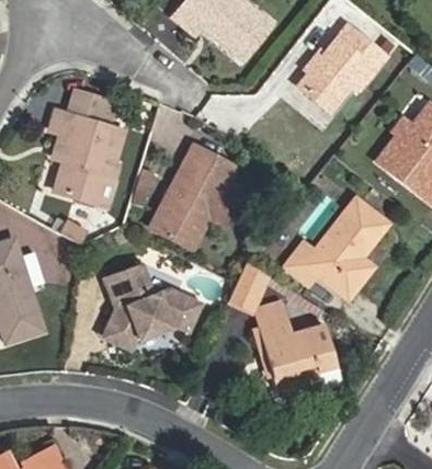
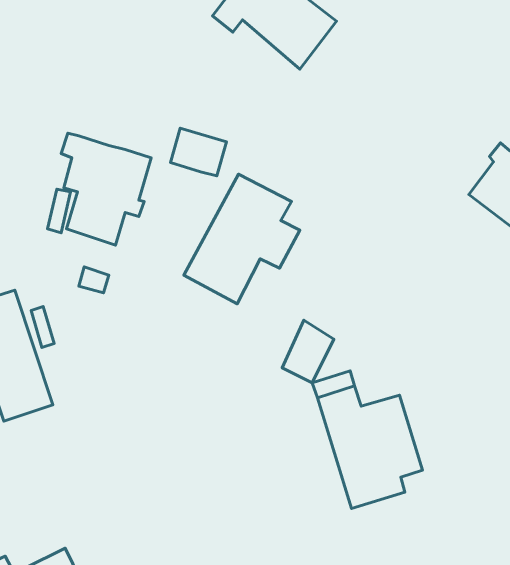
building: [297,24,386,112] -> none
building: [65,87,110,125] -> [171,128,226,176]
building: [283,197,387,299] -> none
building: [102,261,203,343] -> none

